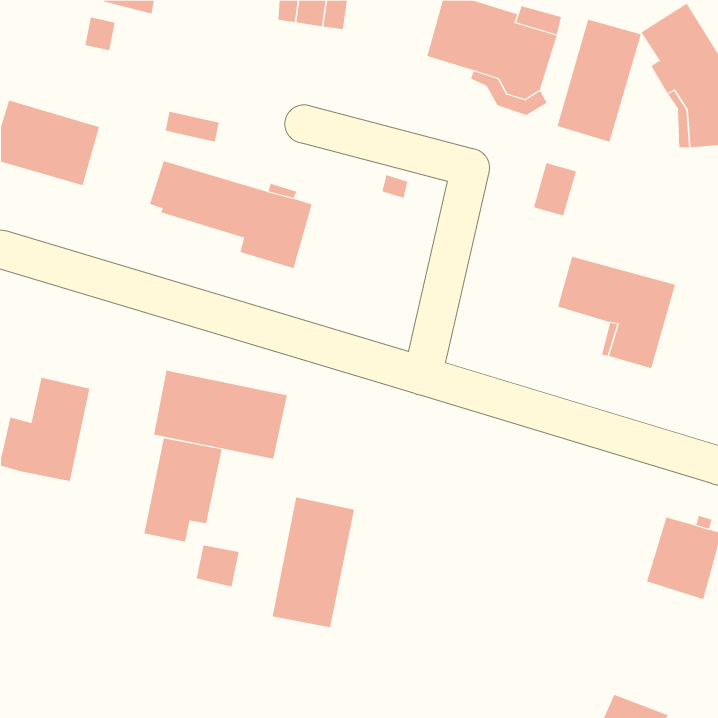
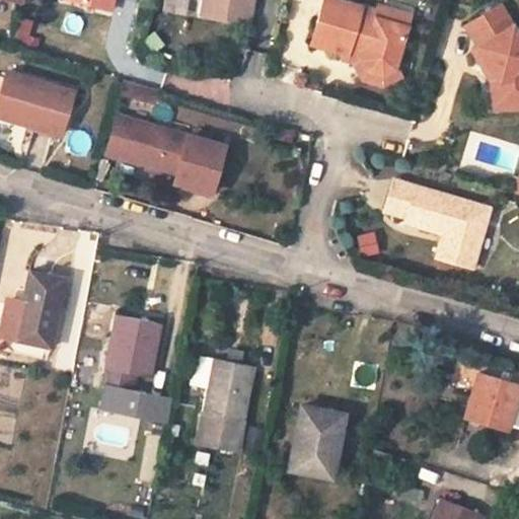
building: [557,19,642,143] -> none
building: [533,163,577,216] -> [381,179,413,218]
building: [153,370,288,460] -> none
building: none -> [100,385,147,418]
building: none -> [290,407,345,478]

